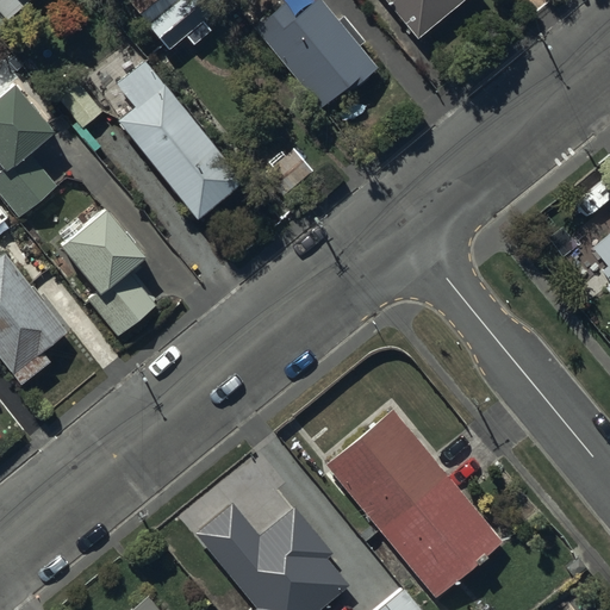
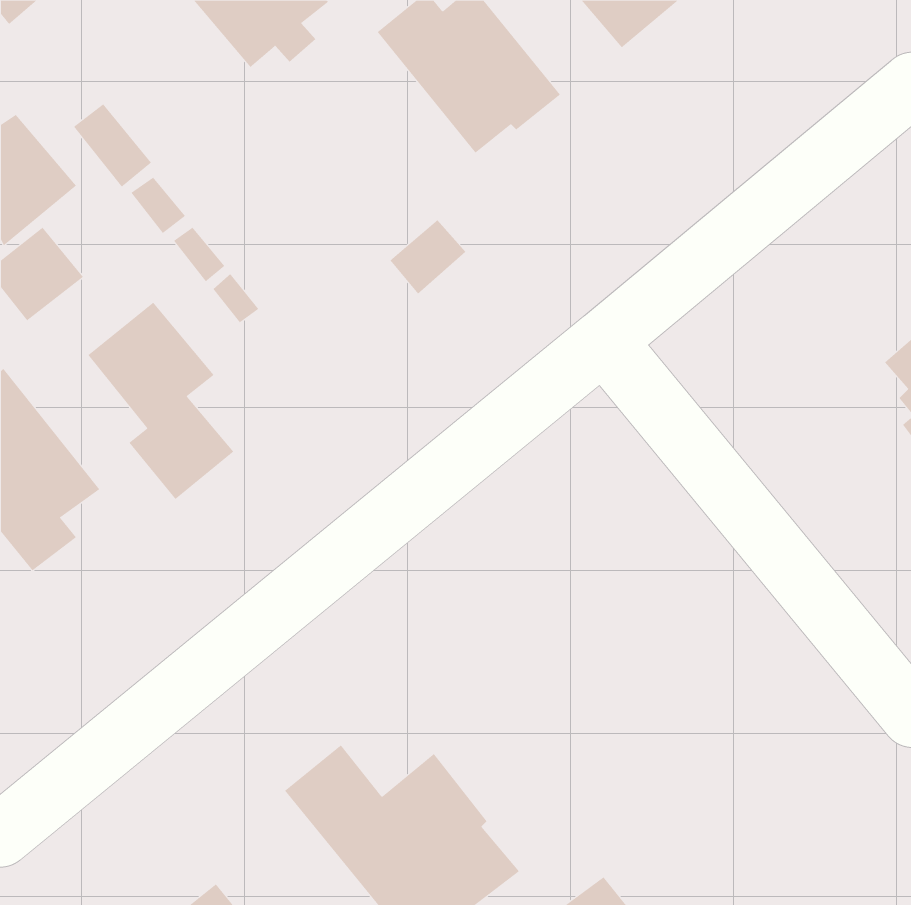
building: [116,61,242,217] -> none
building: [325,409,500,596] -> none

